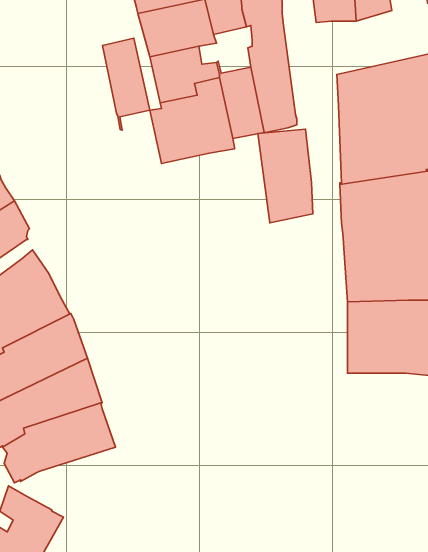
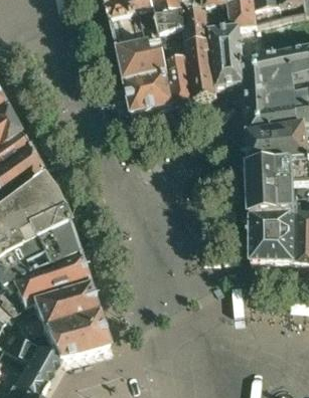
building: [102,38,150,130] -> none
building: [258,129,313,223] -> [207,22,245,85]
building: none -> [40,311,105,358]

